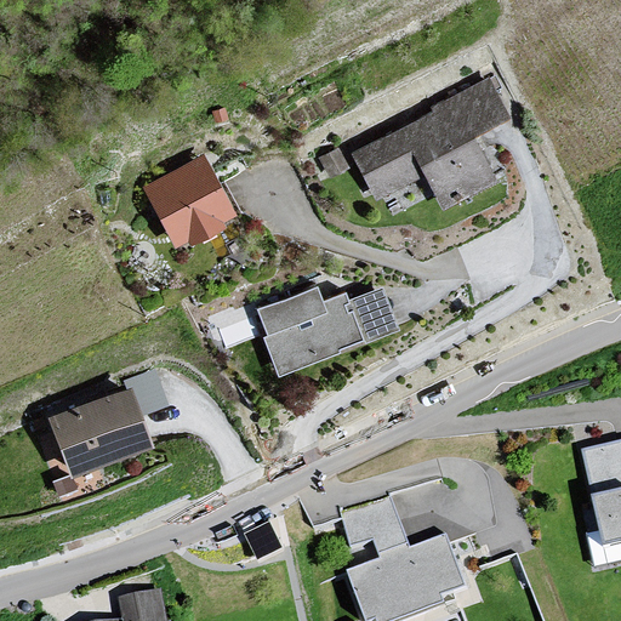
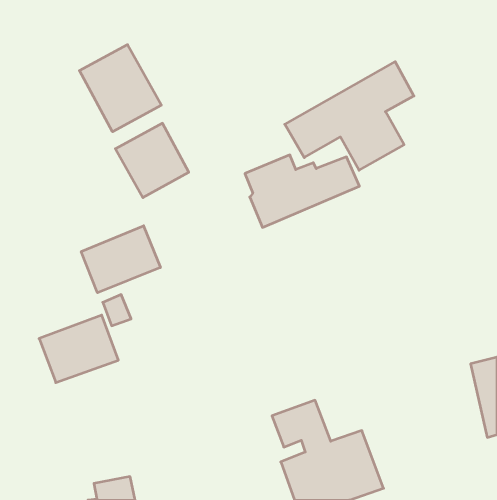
building: none -> [79,45,161,132]
building: none -> [81,226,160,293]
building: [260,286,401,376] -> [245,155,359,227]

